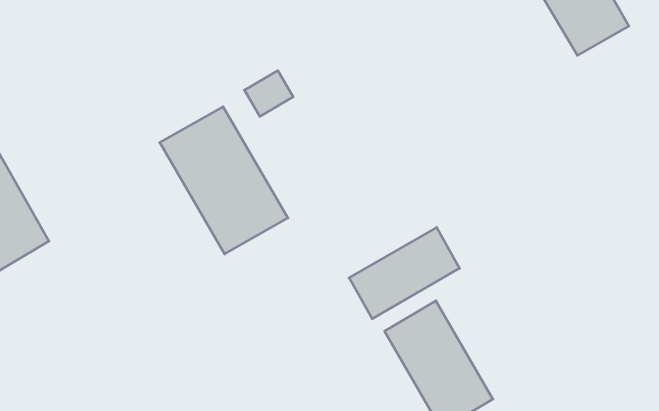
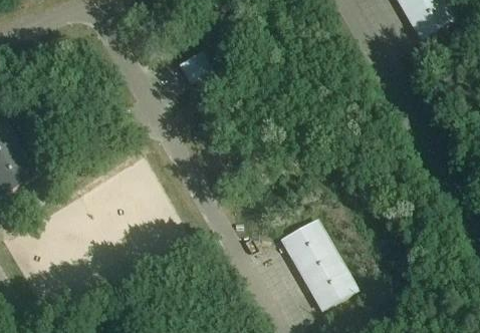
building: [160,107,288,254] -> none
building: [349,227,460,319] -> none

